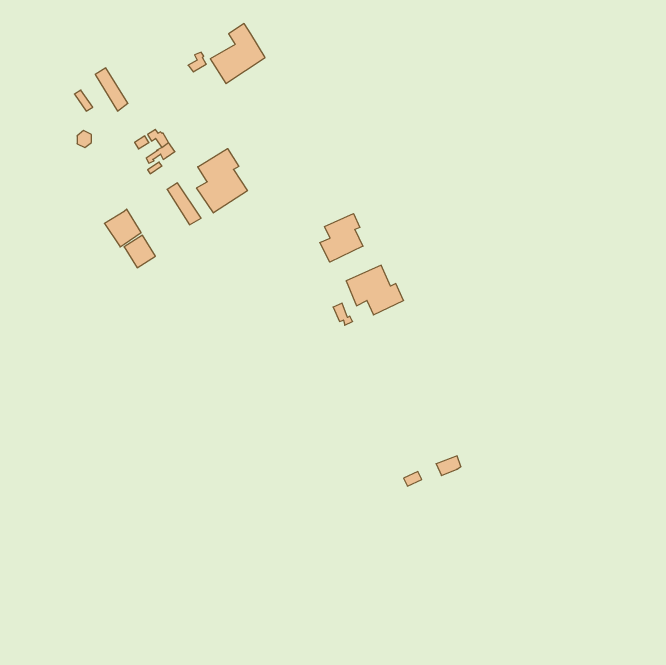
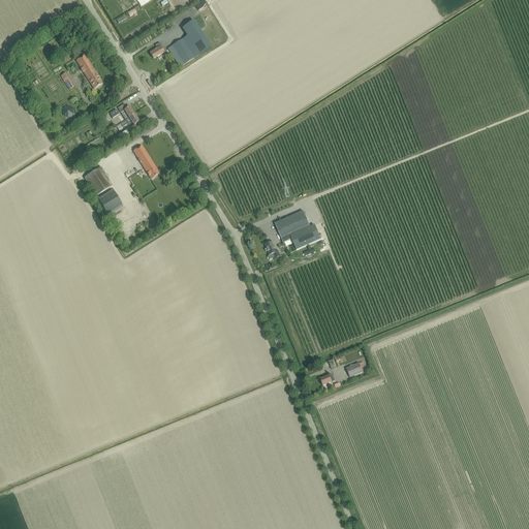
building: [197,149,247,213] -> none
building: [320,214,363,262] -> none

